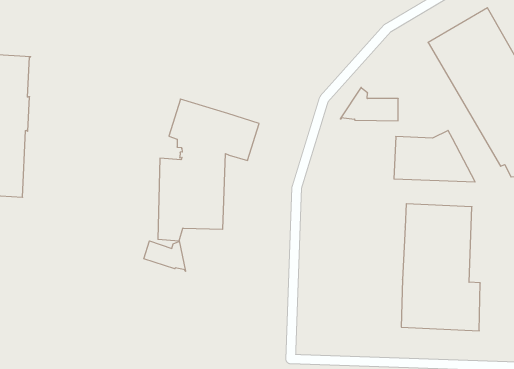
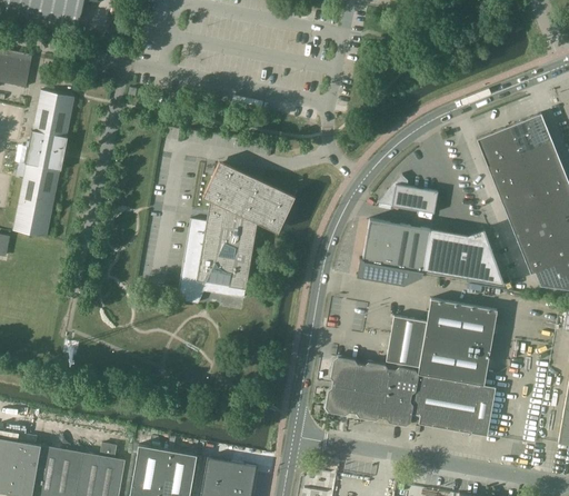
building: none -> [356,219,430,285]
building: none -> [328,316,427,421]
building: [144,241,186,271] -> none

